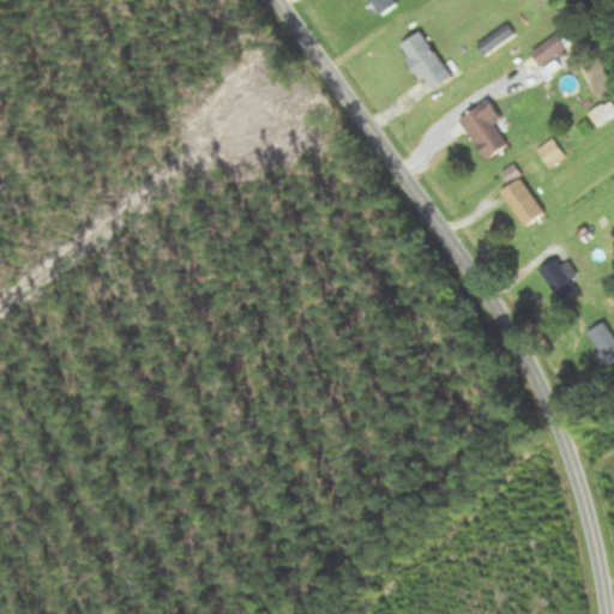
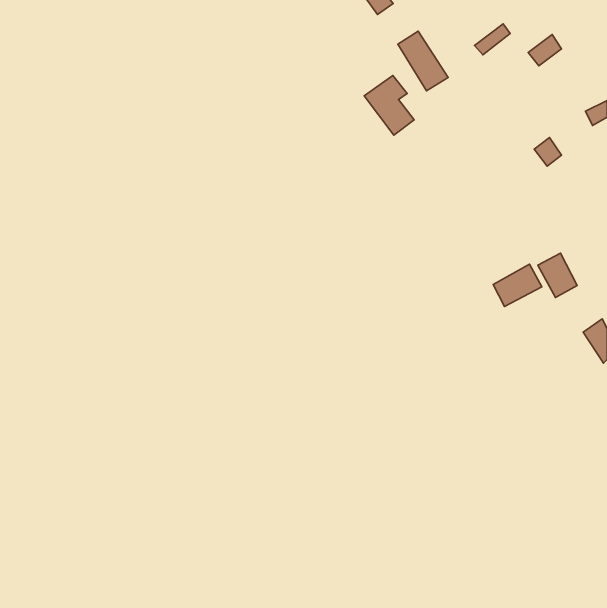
building: [457,100,507,159] -> [364,76,414,135]
building: [500,177,544,225] -> none
building: none -> [493,264,542,306]

